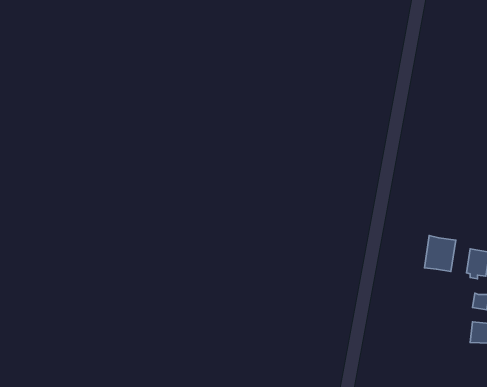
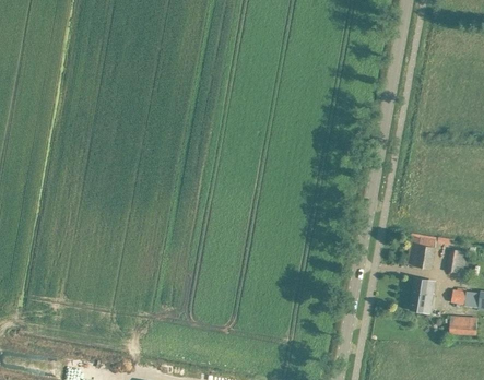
building: none -> [410,277,436,313]

